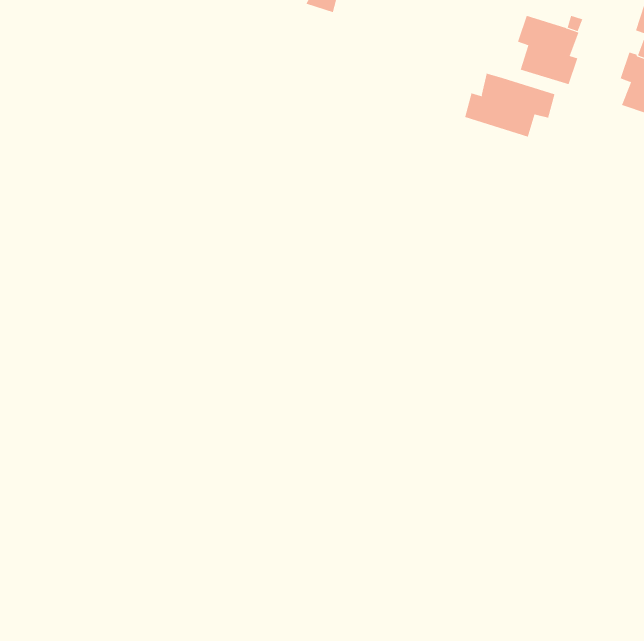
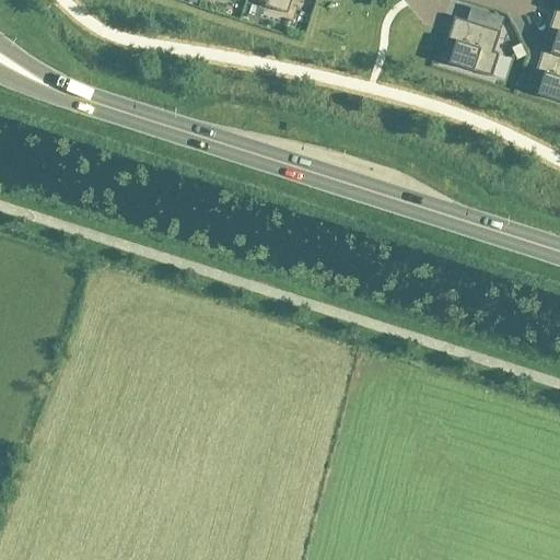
building: [464,72,555,137] -> none

